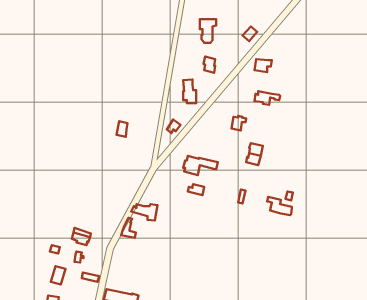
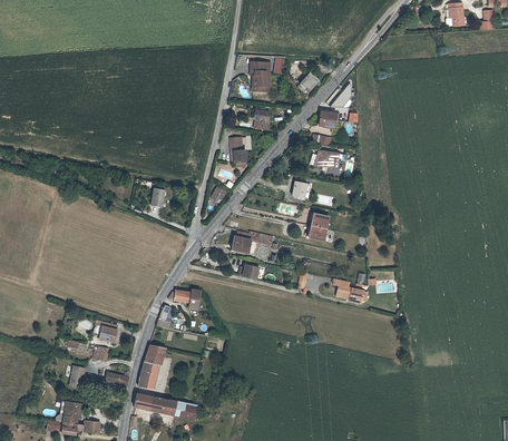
building: none -> [138,345,165,389]

